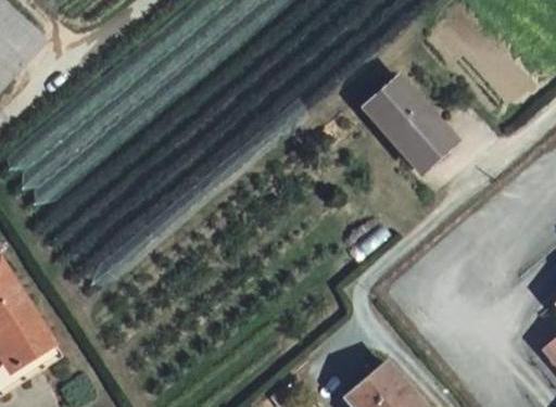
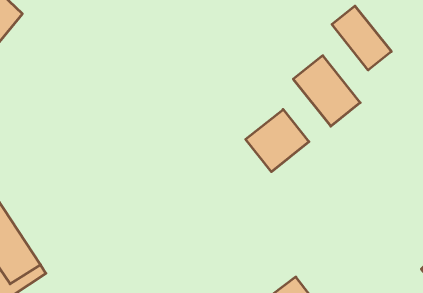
building: none -> [332,6,391,70]
building: none -> [246,109,309,172]

